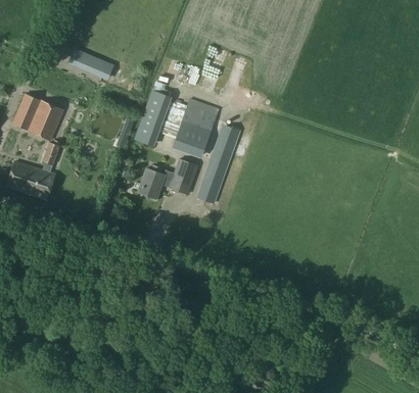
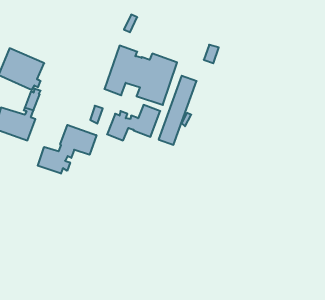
building: [66,48,113,81] -> none
building: none -> [38,125,96,174]

